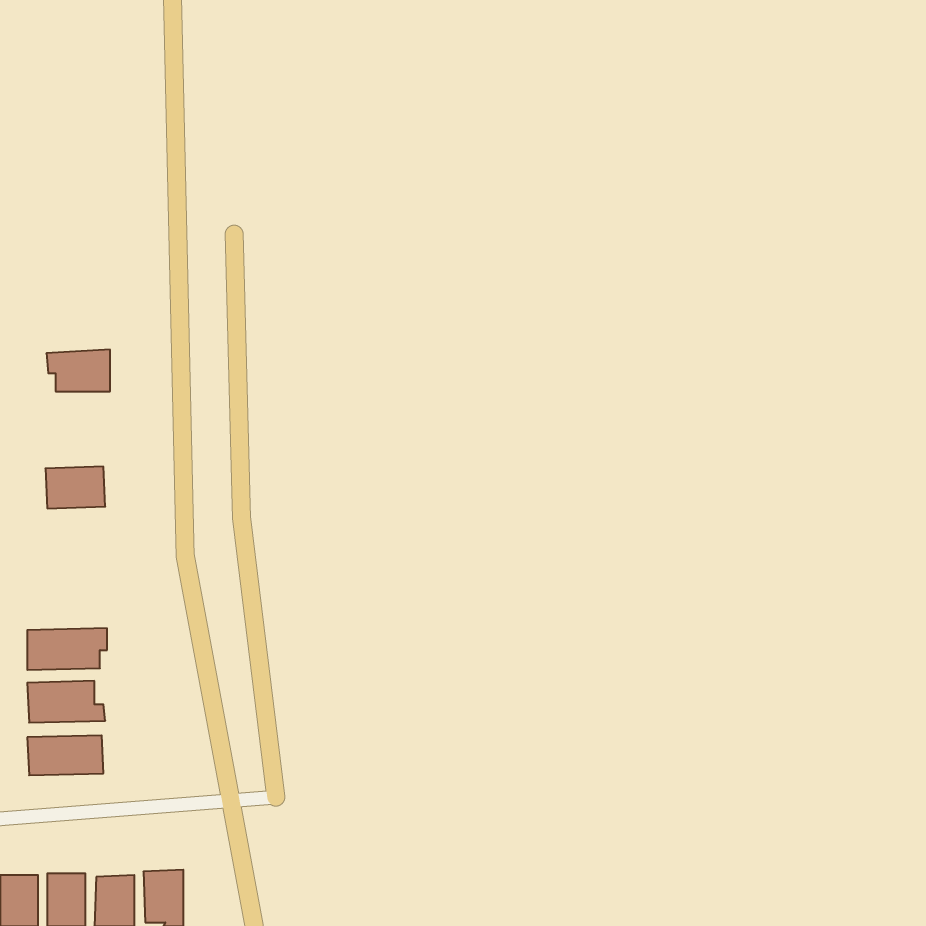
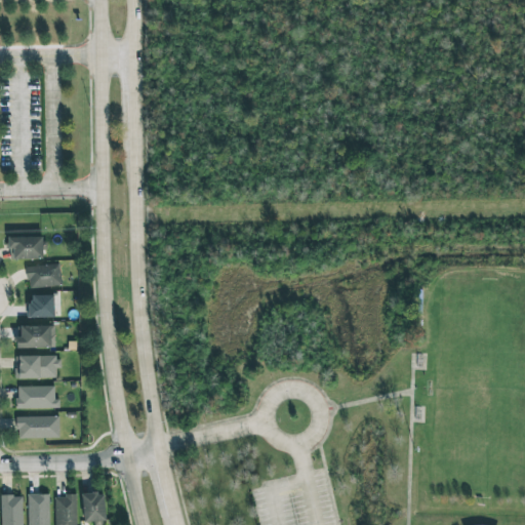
building: [46,350,110,391] -> [7,235,43,258]
building: none -> [29,294,54,317]
building: none -> [16,325,55,348]

